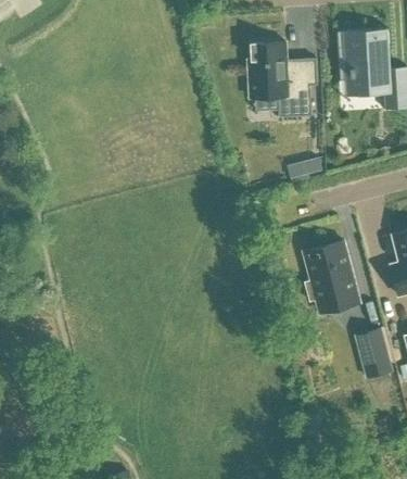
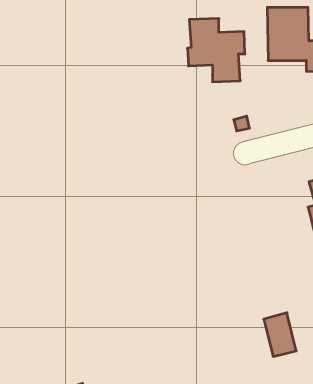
building: [302,241,359,310] -> none
building: [353,327,391,378] -> [264,313,296,356]

